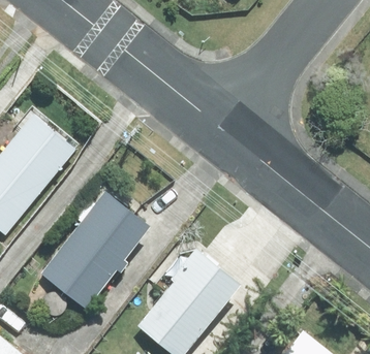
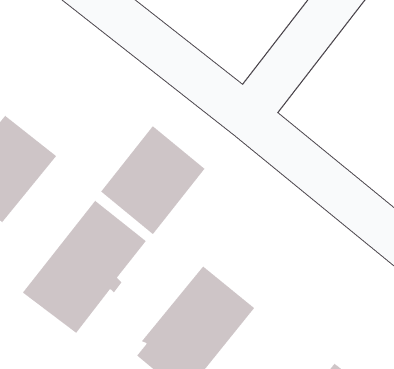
building: none -> [100,125,206,235]

